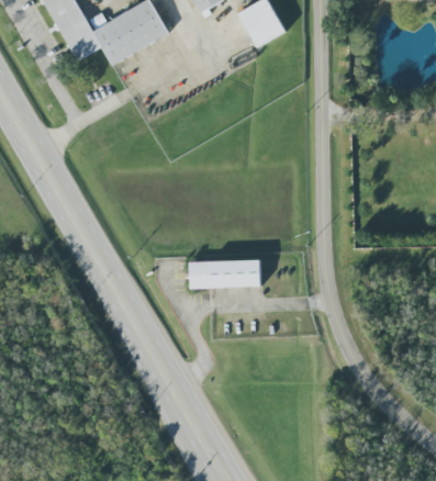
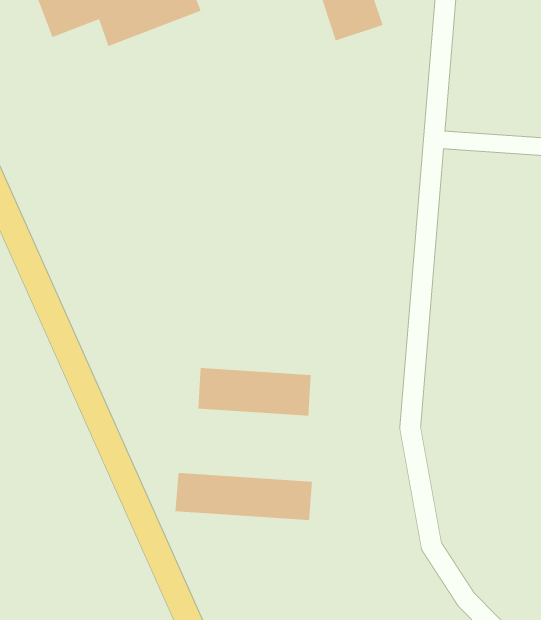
building: none -> [175,472,313,521]

